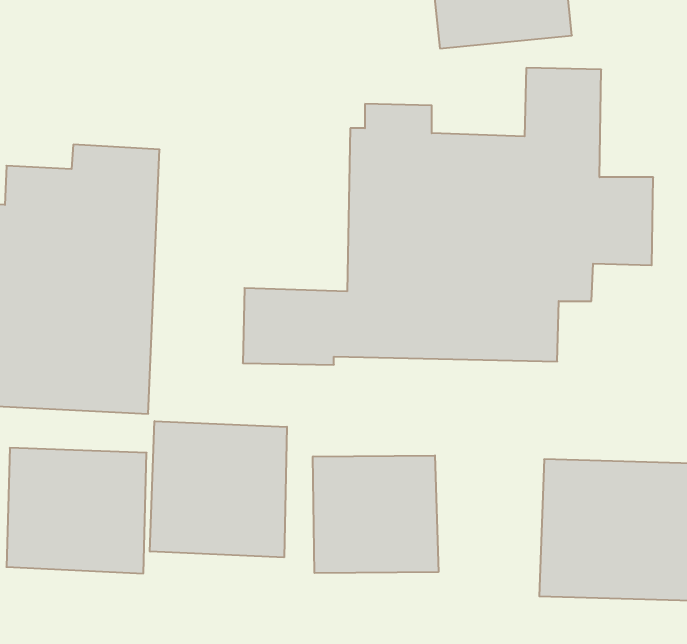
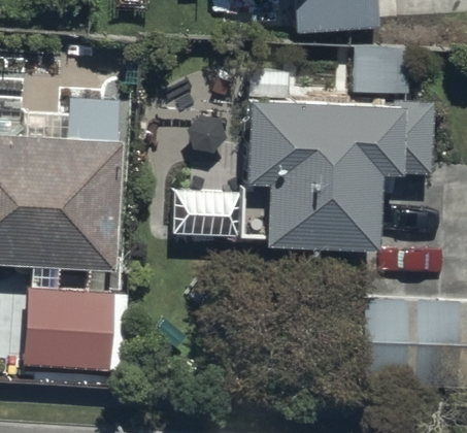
building: [150,421,287,557] -> none
building: [313,455,438,573] -> none

